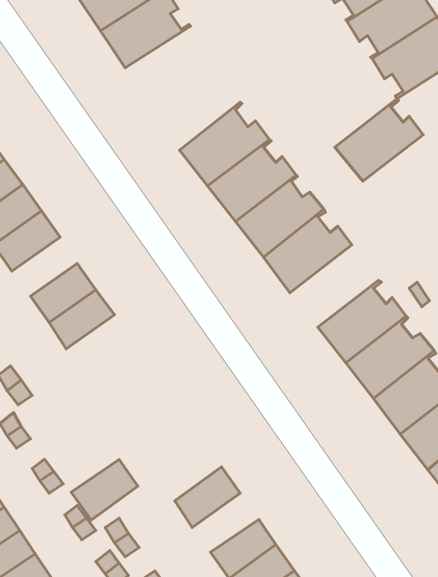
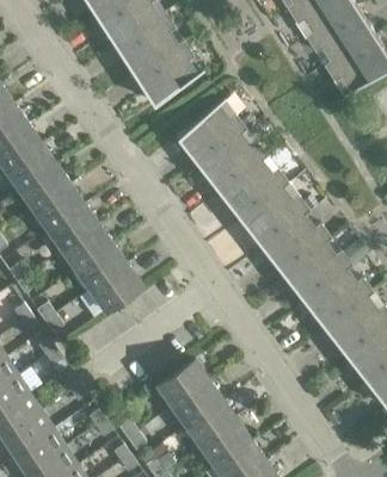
building: none -> [135,43,204,106]
building: [335,99,423,181] -> [262,211,330,274]
building: none -> [48,205,98,250]
building: none -> [90,265,141,311]
building: [71,460,138,520] -> [158,361,209,408]
building: none -> [186,402,238,447]

